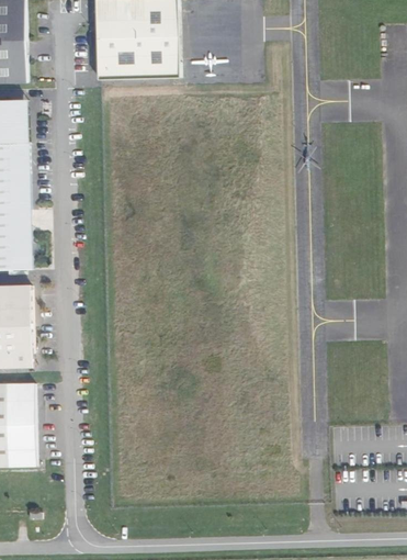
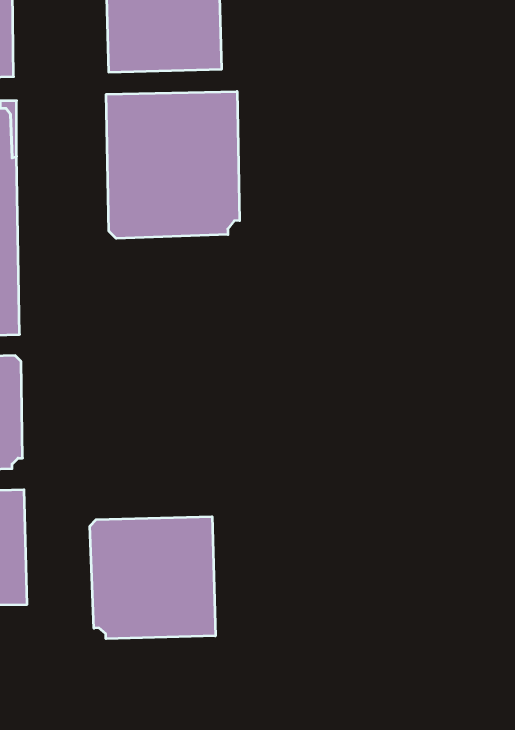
building: none -> [106,91,240,238]
building: none -> [90,517,215,639]

